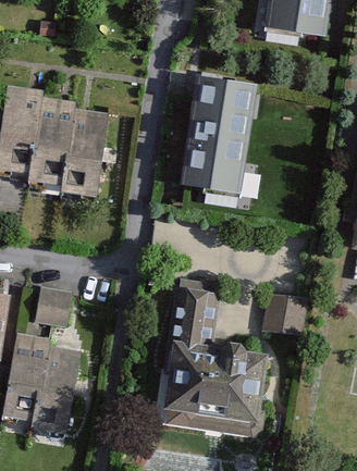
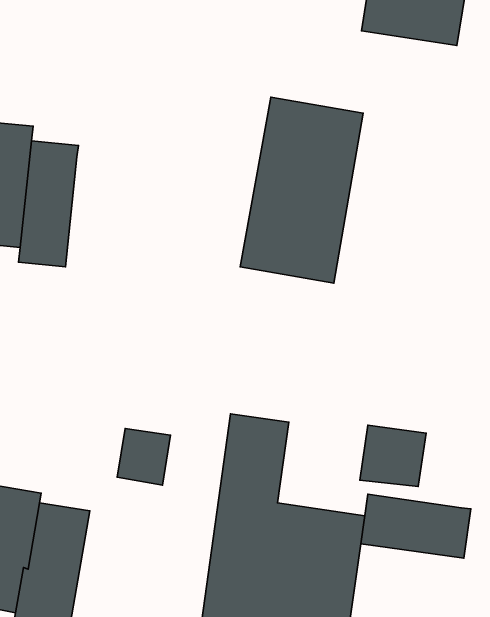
building: [63,112,107,200] -> none
building: [35,287,71,325] -> [117,429,171,485]
building: none -> [361,494,471,558]

